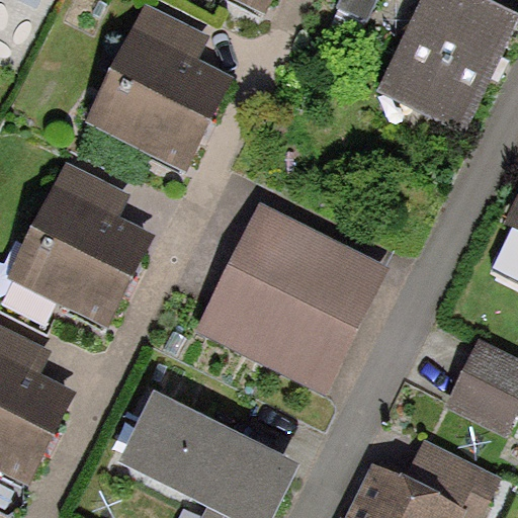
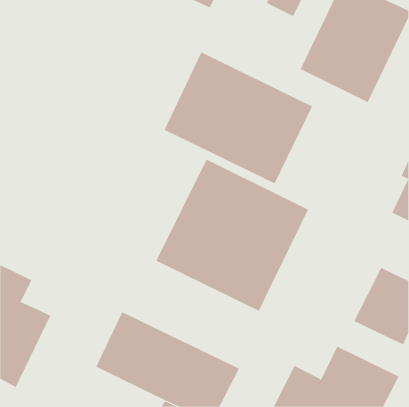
building: [86,7,229,172] -> none
building: none -> [164,52,313,184]
building: [4,165,146,330] -> none

